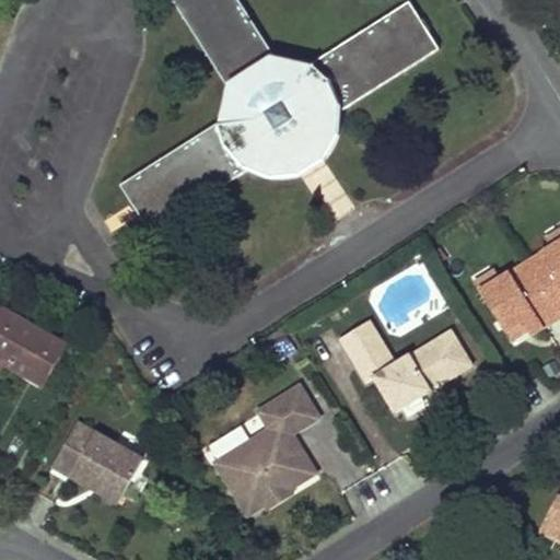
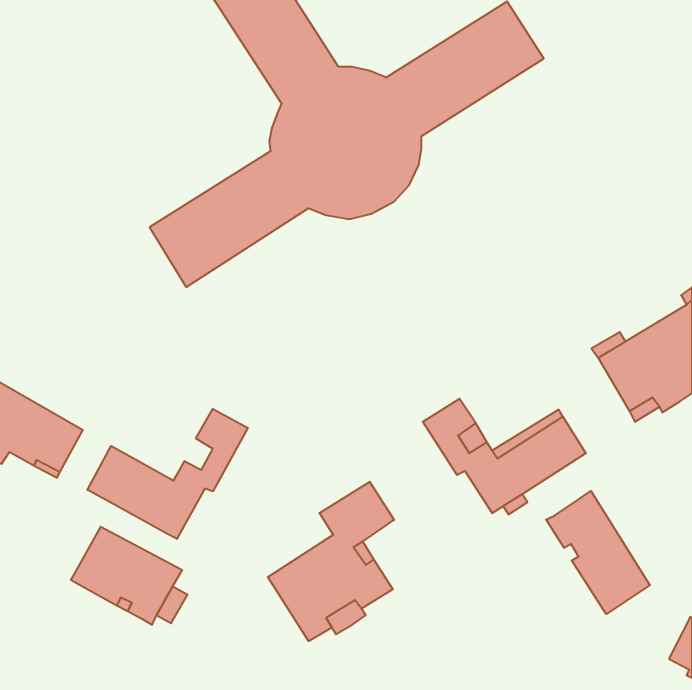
building: none -> [87,409,248,539]
building: none -> [546,491,650,614]

